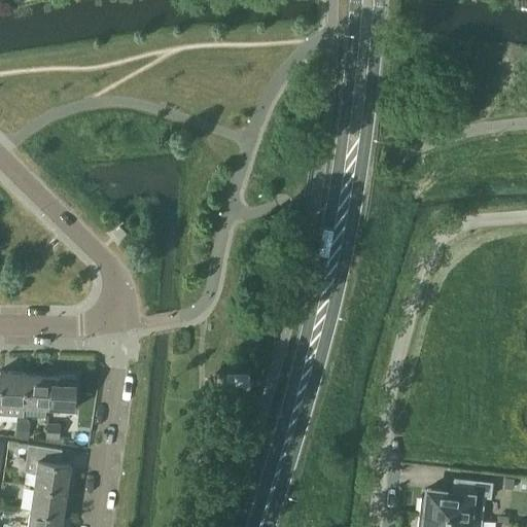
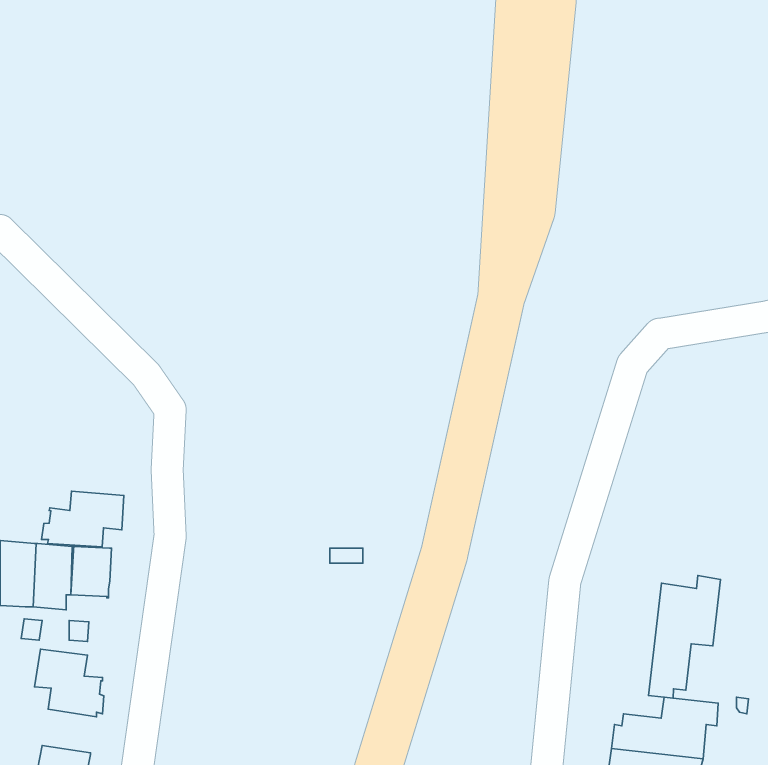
building: none -> [42,491,124,547]
building: none -> [648,576,721,698]
building: [30,488,67,518] -> none

